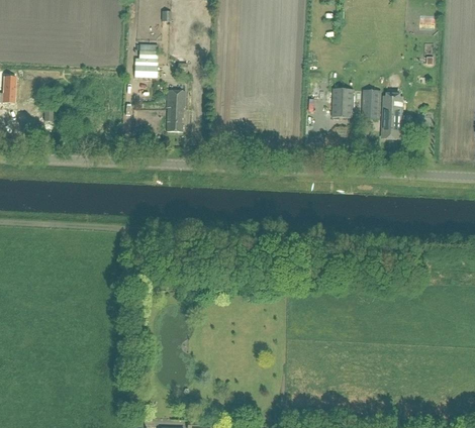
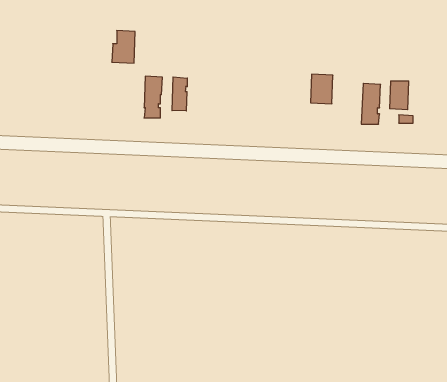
building: [362,90,381,118] -> [390,81,409,110]
building: none -> [172,77,187,111]

